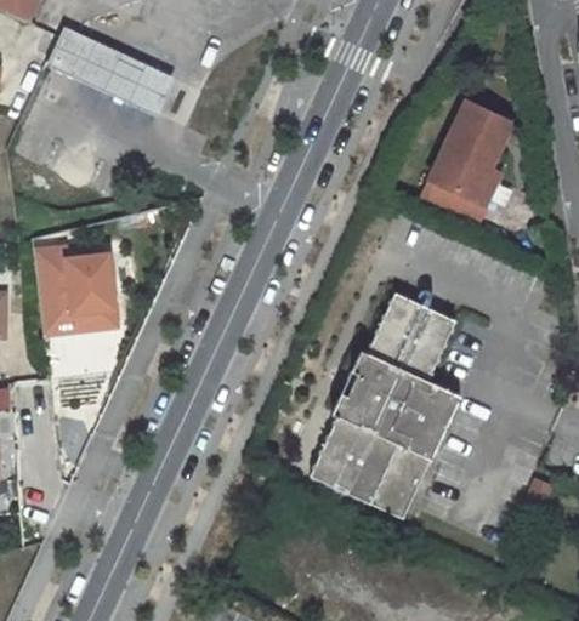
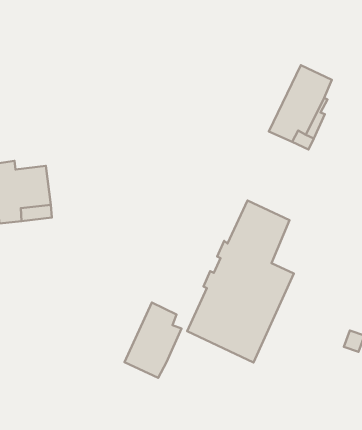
building: [52,32,174,112] -> none
building: none -> [125,302,181,378]

